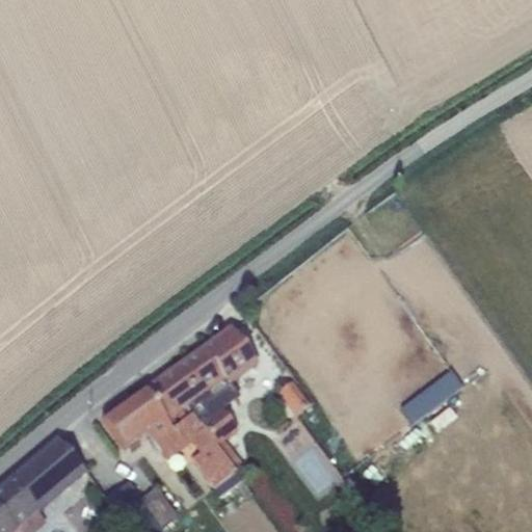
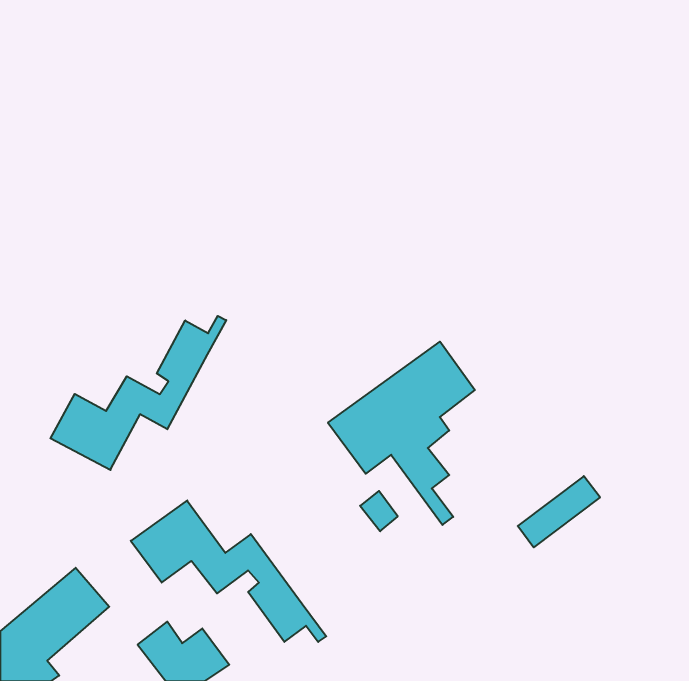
building: none -> [50,316,226,470]
building: [144,324,258,466] -> [328,342,475,525]

